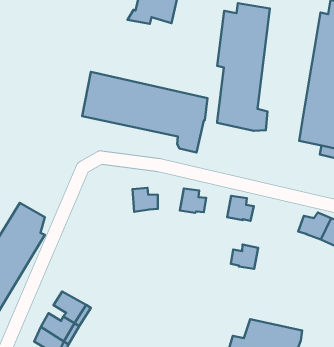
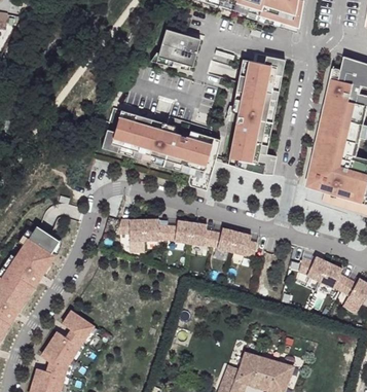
building: none -> [167,221,192,244]
building: none -> [116,220,144,242]
building: [231,244,258,269] -> [210,229,236,253]

